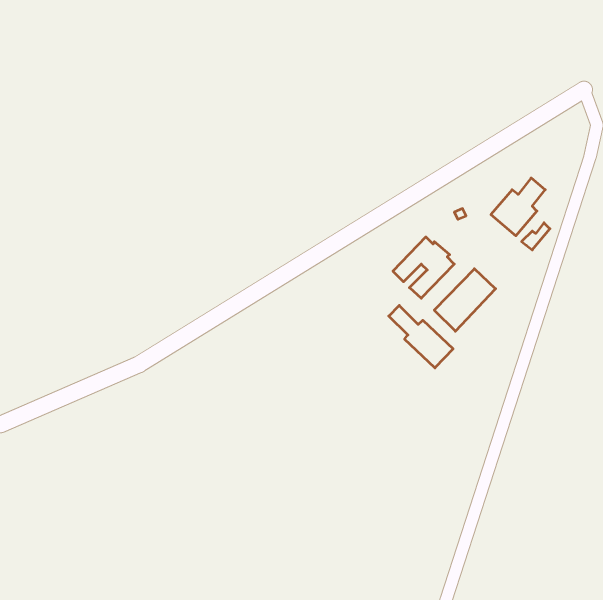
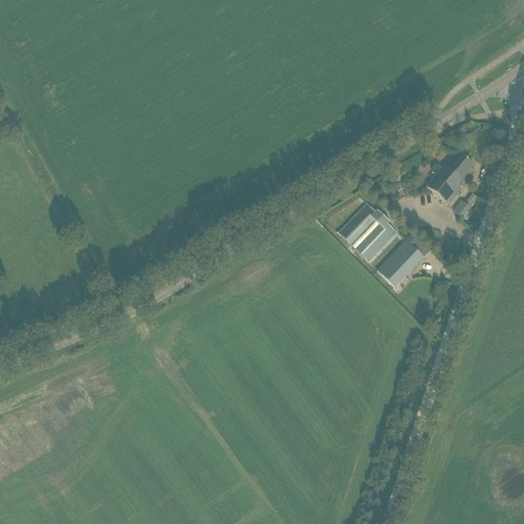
building: [389,305,453,368] -> none

